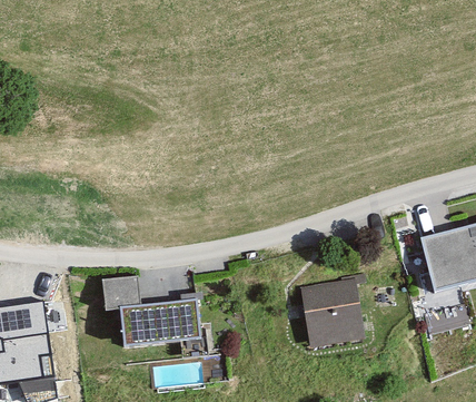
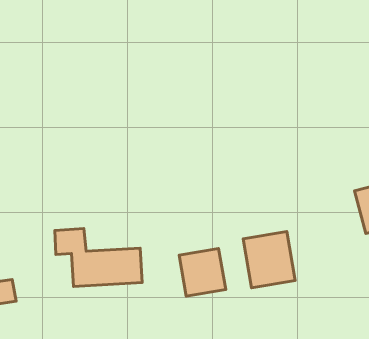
building: none -> [179,249,226,296]

